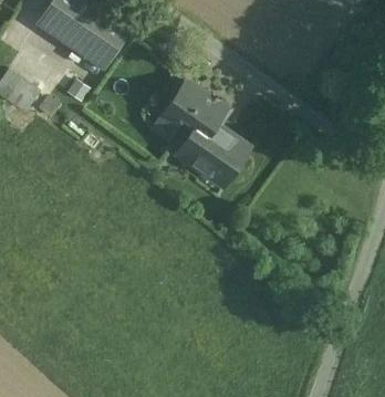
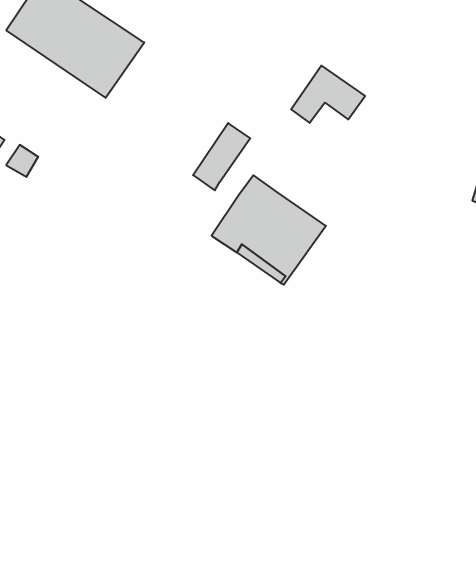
building: [179,92,228,129] -> [291,66,365,123]

